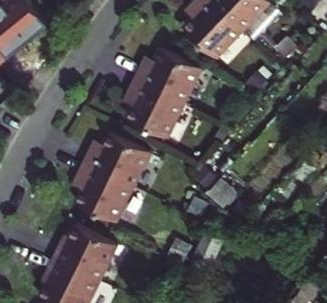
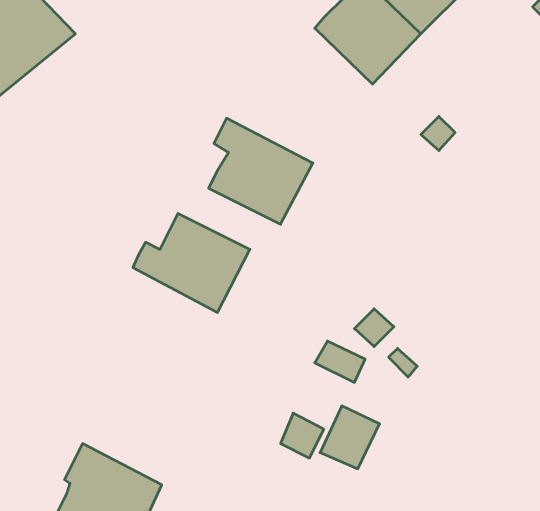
building: [135,46,201,101] -> none
building: [73,159,130,219] -> none
building: [55,222,116,280] -> none

